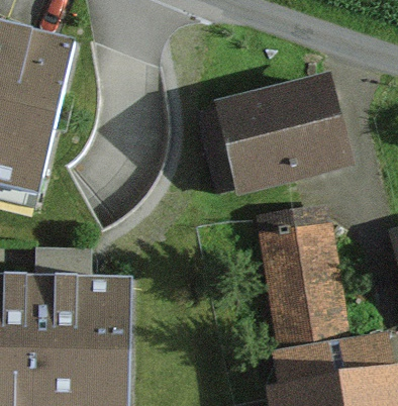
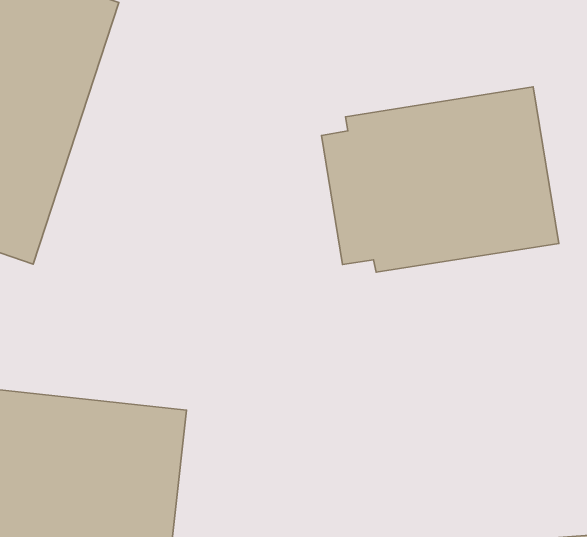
building: [253,203,346,333] -> none

